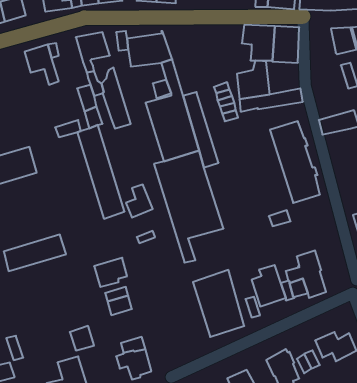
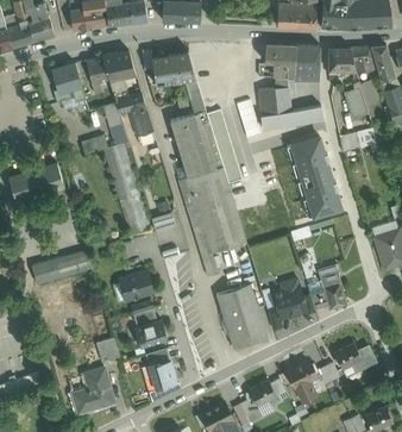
building: none -> [328,48,356,71]
building: none -> [87,56,109,94]
building: none -> [344,82,369,117]
building: none -> [134,320,168,349]

